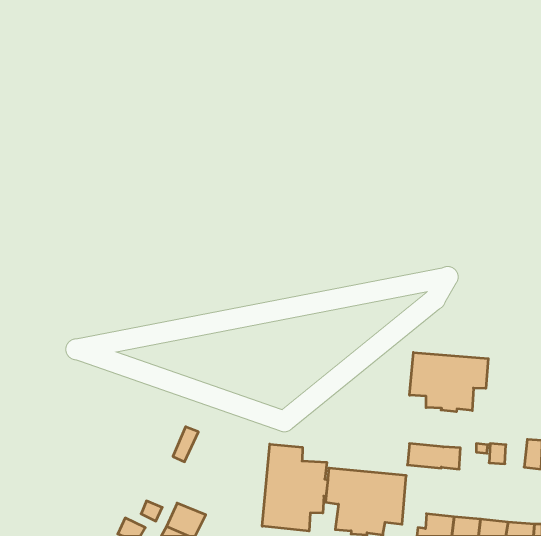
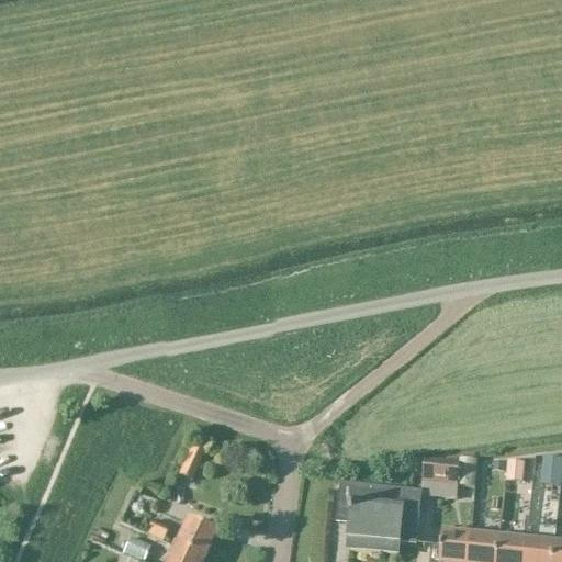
building: [410,352,488,412] -> none
building: [262,444,328,531] -> none

